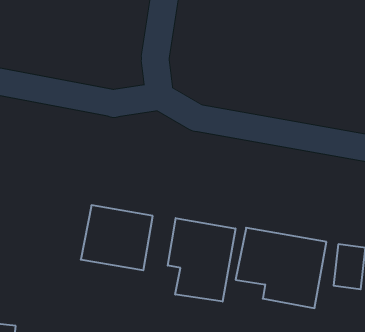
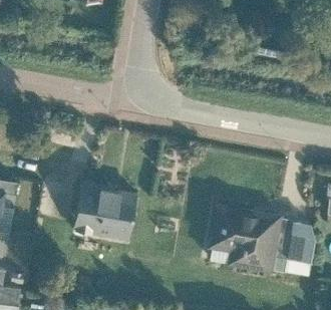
building: [168,218,235,302] -> none

